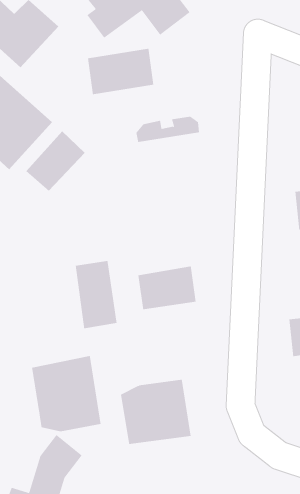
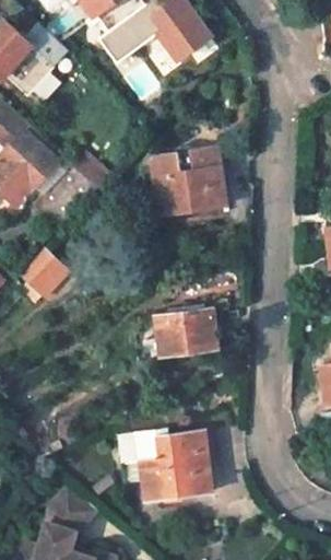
building: [87,48,154,95] -> [154,165,226,215]
building: none -> [24,253,66,296]
building: [75,260,117,329] -> none
building: [32,355,101,432] -> none

